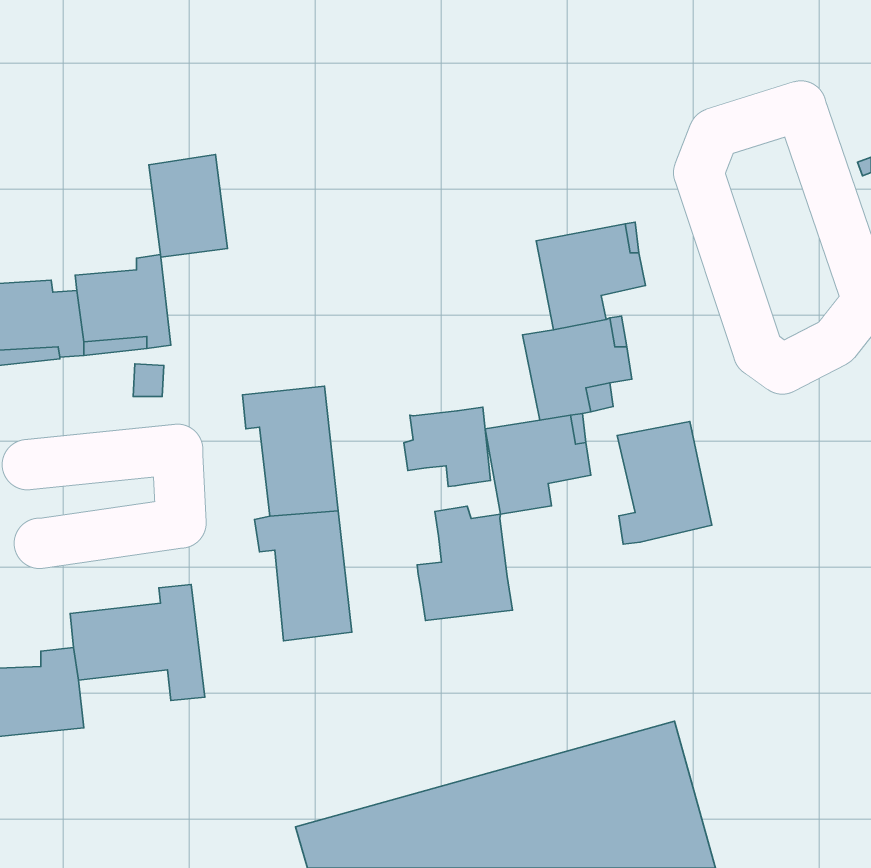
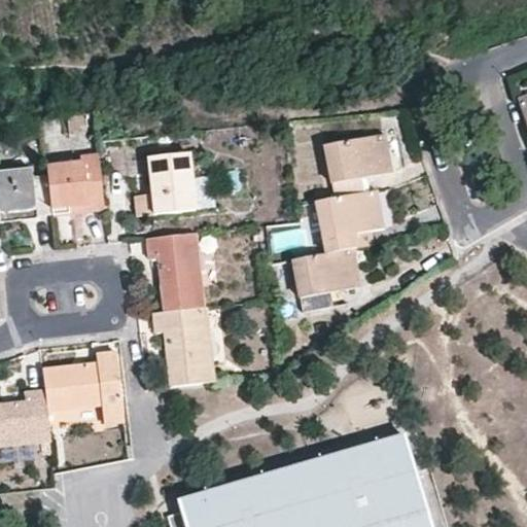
building: [149,155,227,257] -> [147,151,195,213]
building: [404,407,491,487] -> none
building: [617,421,712,544] -> none
building: [417,506,512,620] -> none

